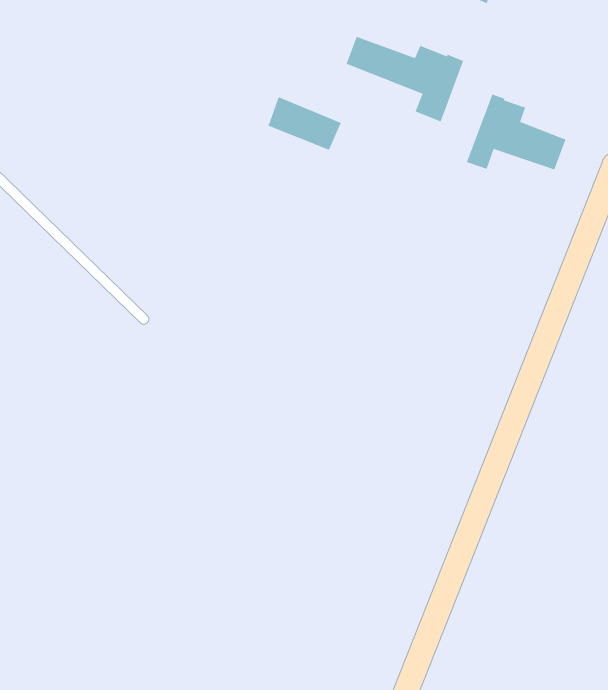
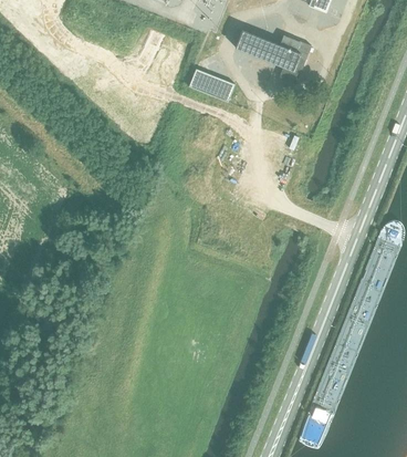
building: [466,94,567,171] -> none

